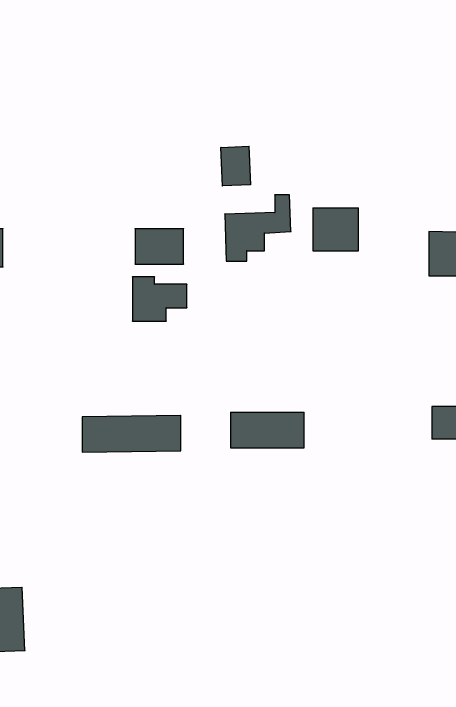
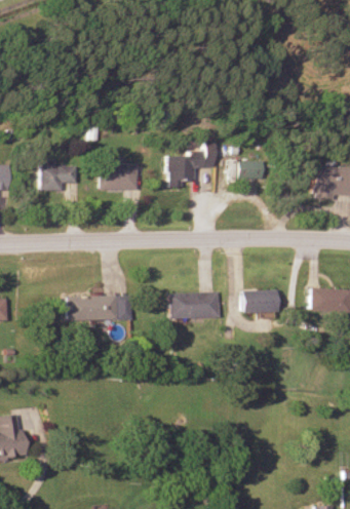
building: [221,146,250,186] -> none
building: [132,277,187,321] -> [38,161,76,192]
building: none -> [242,290,279,312]

